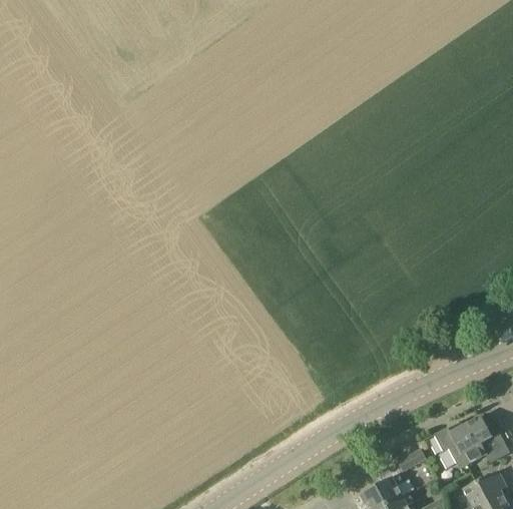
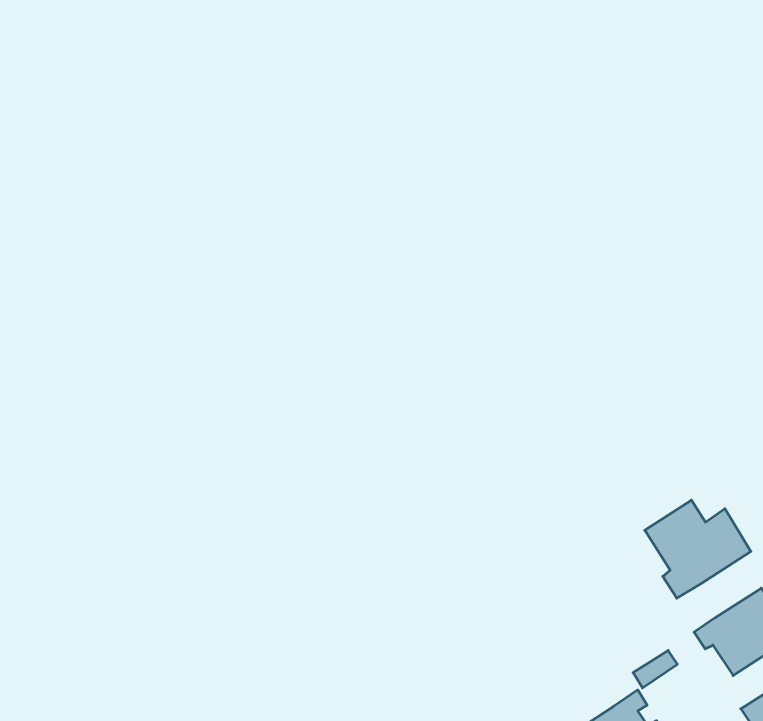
building: none -> [645,500,751,598]

